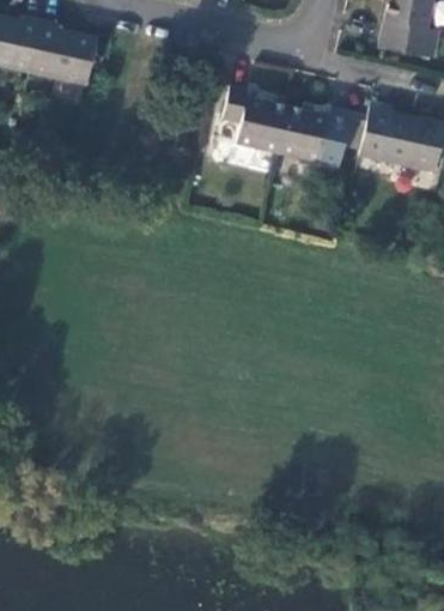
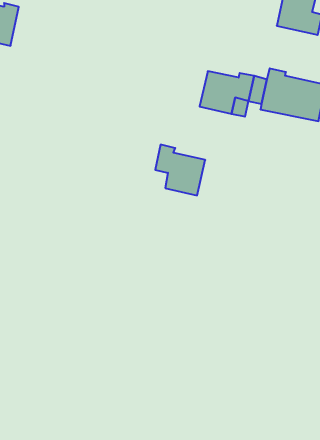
building: [29,20,97,84] -> none
building: [223,85,288,152] -> [155,145,205,195]

